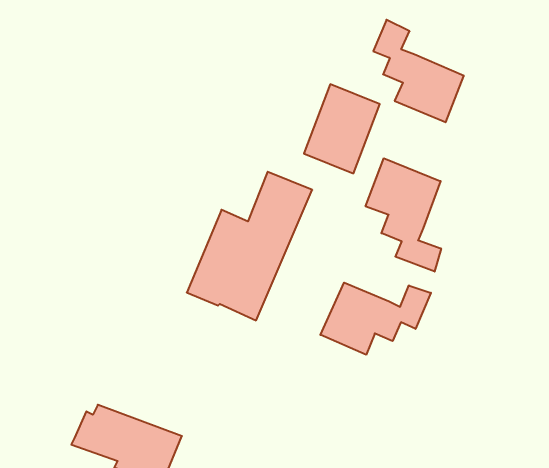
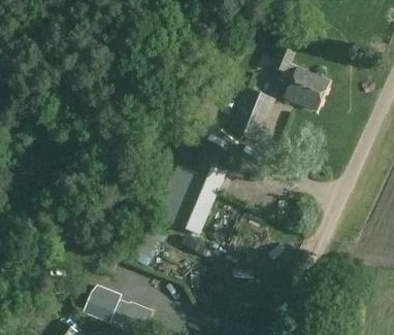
building: [366,158,441,272] -> none
building: [320,283,431,355] -> none

